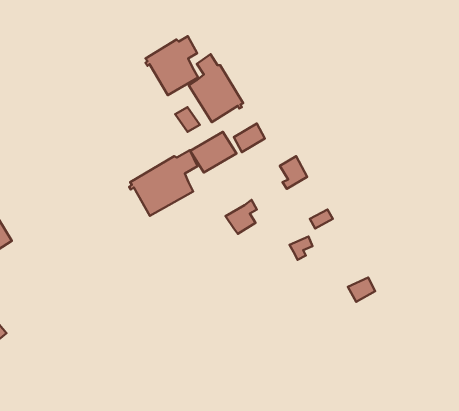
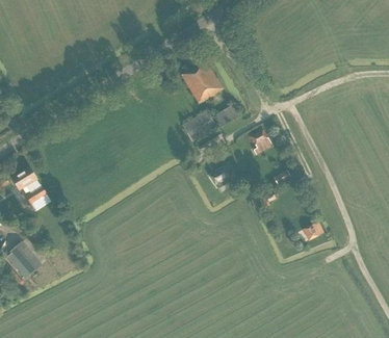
building: [146,36,198,95] -> none
building: [129,150,198,216] -> none

